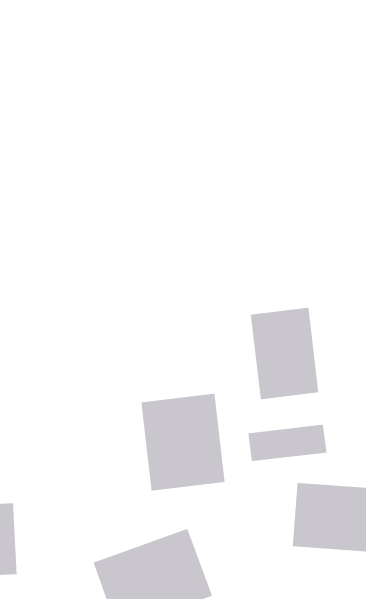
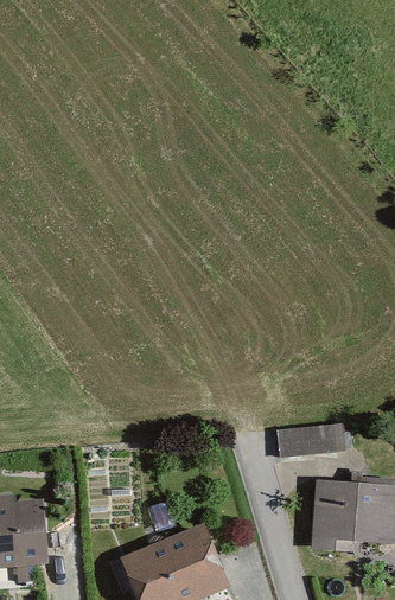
building: [250,307,319,400] -> none
building: [140,393,226,491] -> none

